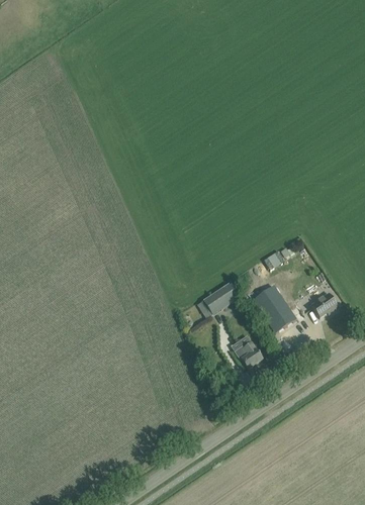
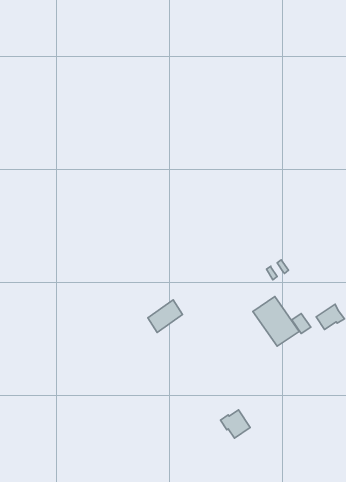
building: [204,282,238,313] -> [148,300,183,333]
building: [235,340,263,368] -> [221,410,250,438]

